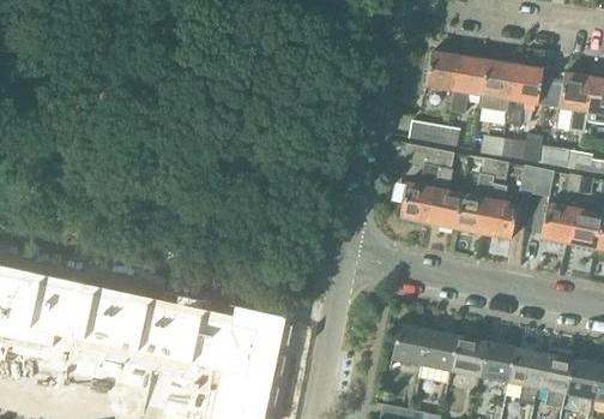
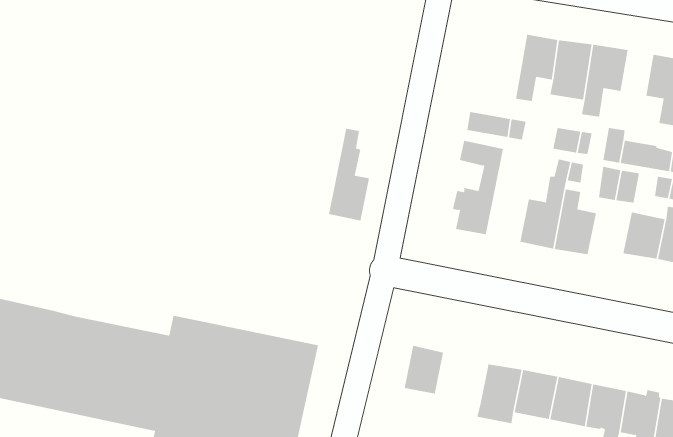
building: [427,50,460,89] -> none
building: [427,151,461,229] -> [328,128,370,221]
building: [394,325,428,366] -> [404,345,444,394]

